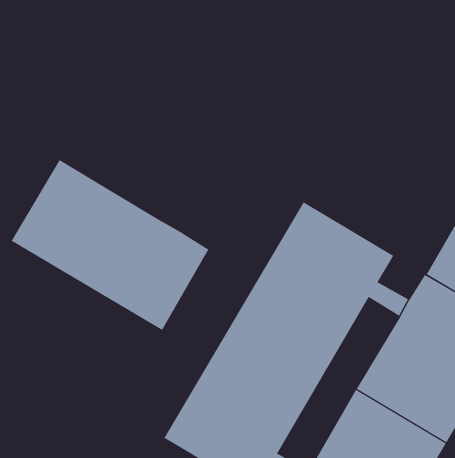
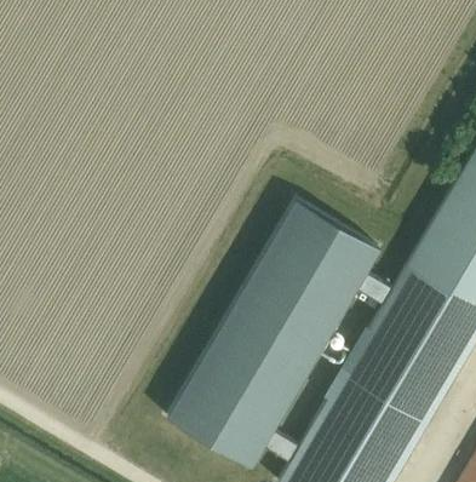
building: [11,159,209,331] -> none

